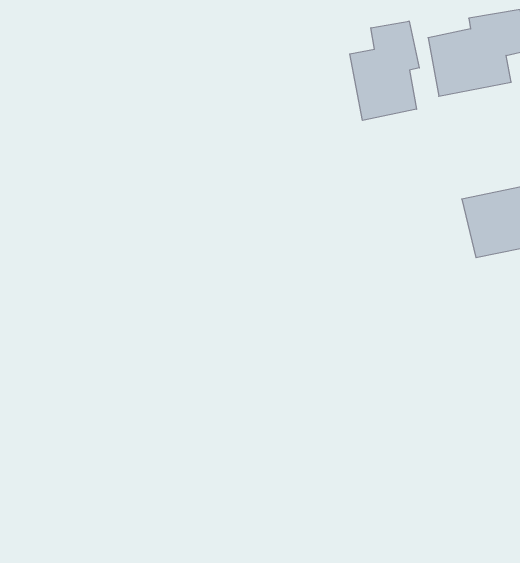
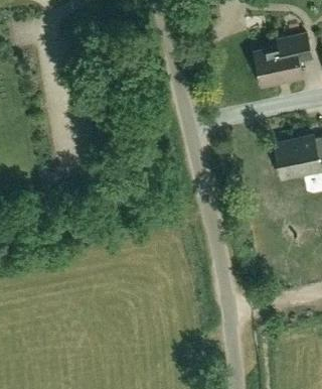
building: [350,21,419,120] -> none

